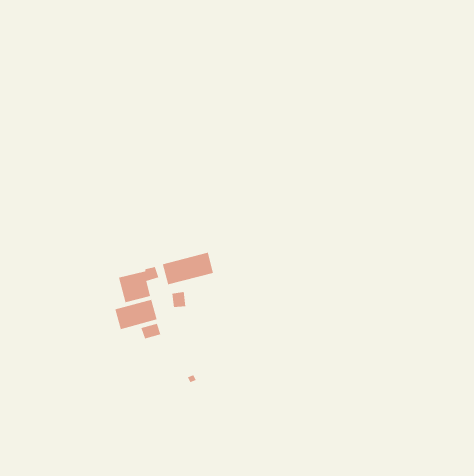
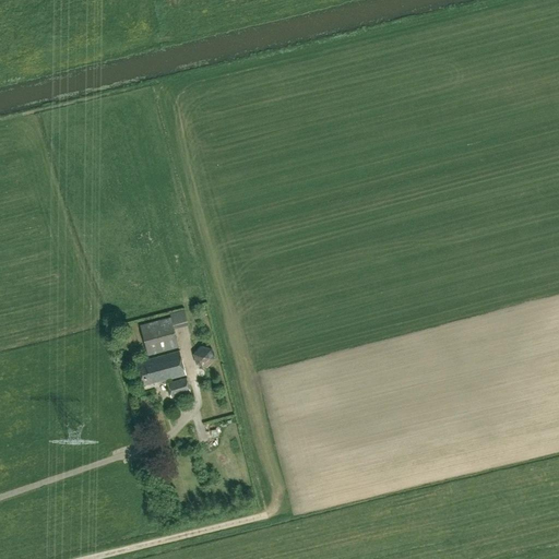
building: [162,252,214,285] -> none

